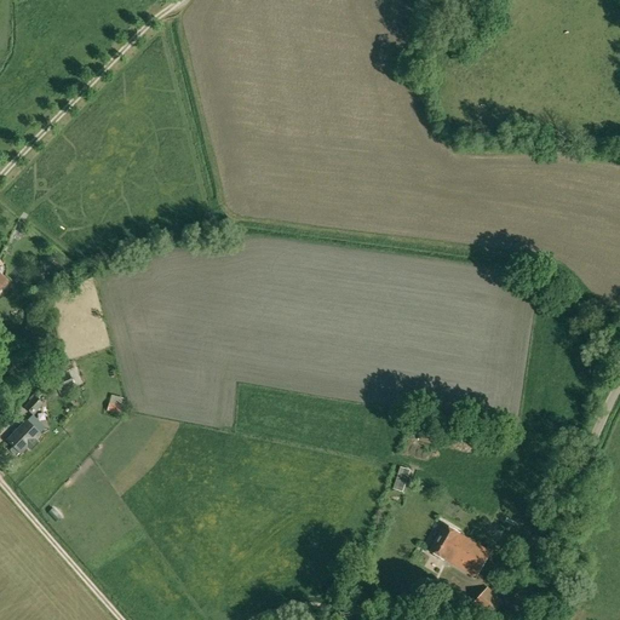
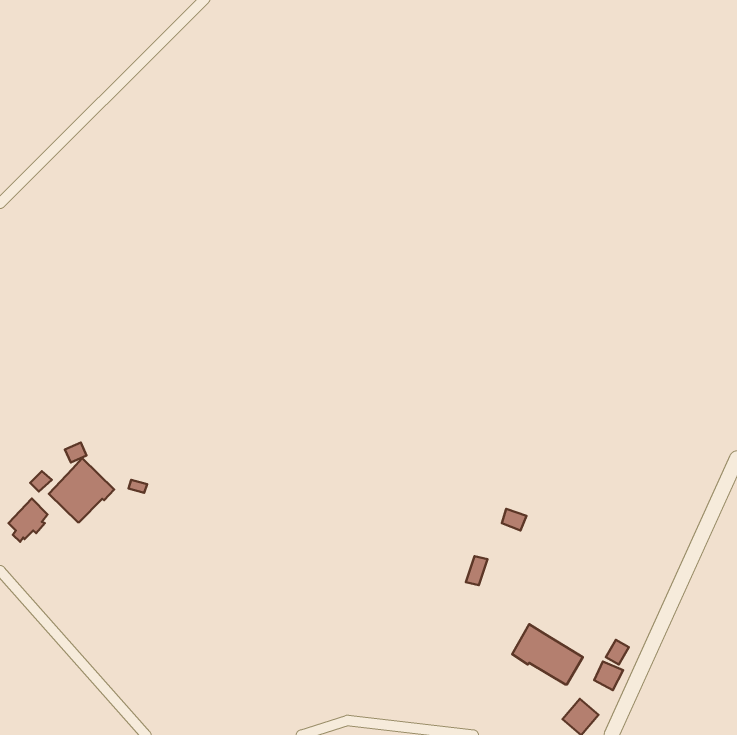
building: none -> [49,458,114,522]

